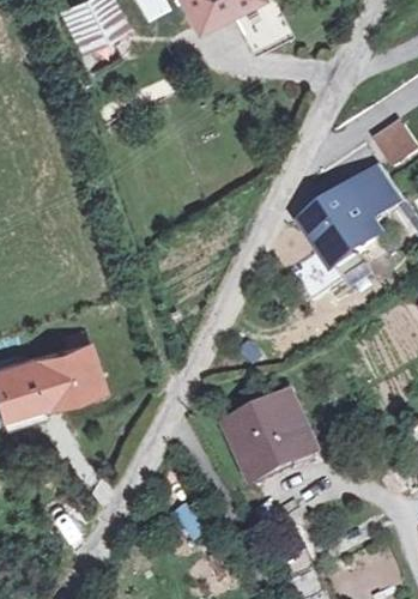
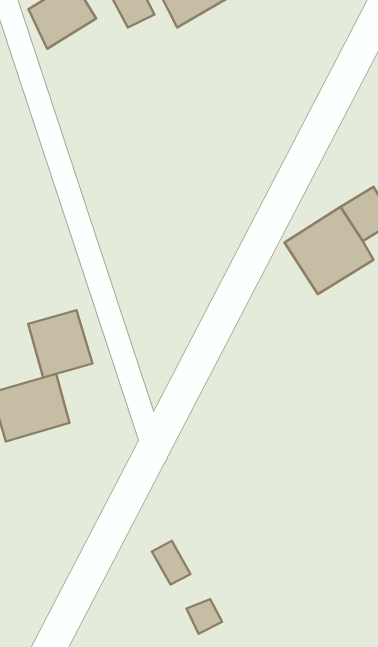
building: none -> [28,310,92,378]
building: [235,389,326,477] -> none

